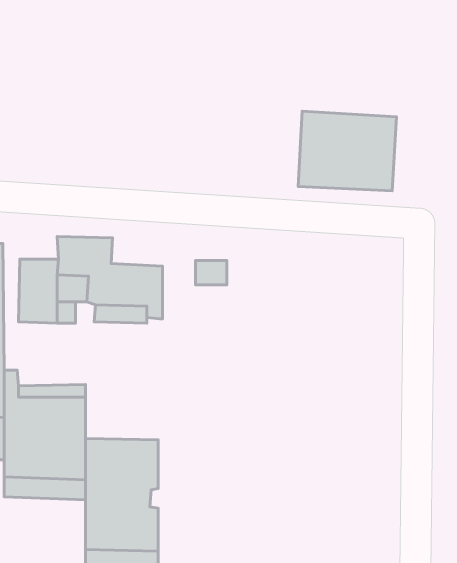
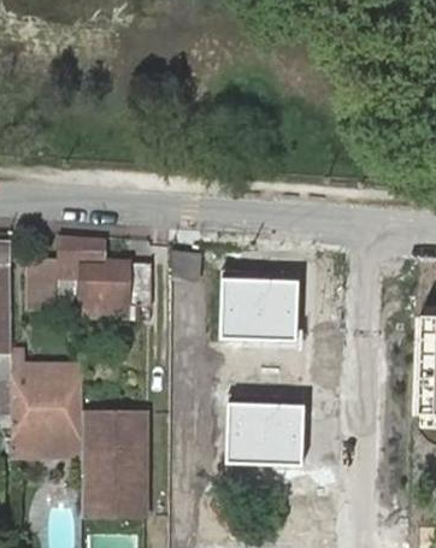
building: [298,111,396,191] -> [218,270,301,337]
building: none -> [225,388,308,455]

